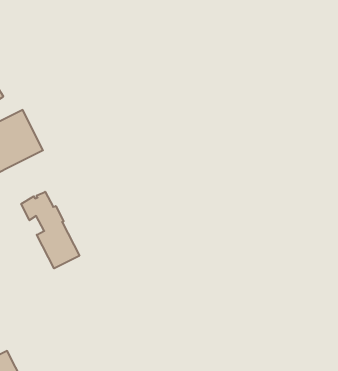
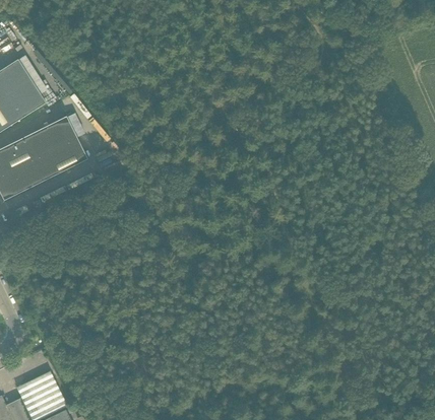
building: [21,192,79,268] -> none

